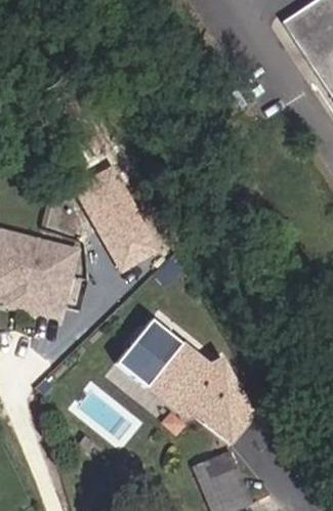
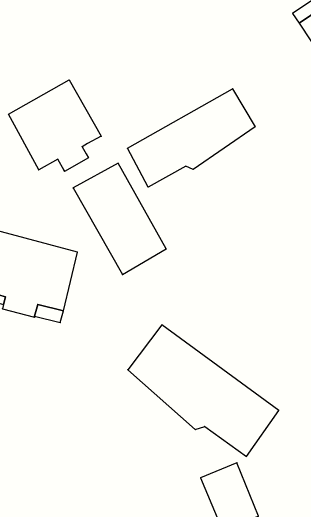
building: none -> [9,80,101,171]
building: none -> [127,89,255,187]

